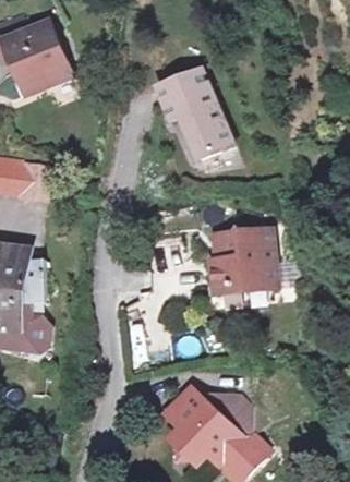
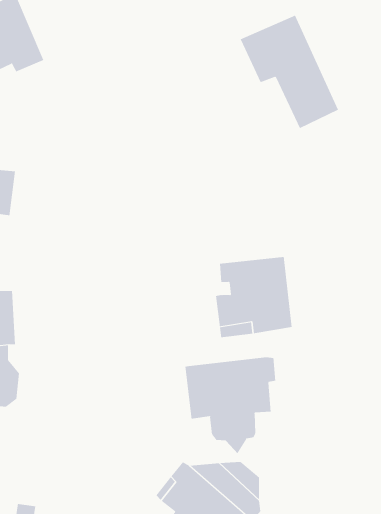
building: [155,74,234,166] -> [240,15,339,129]
building: none -> [185,357,276,454]

